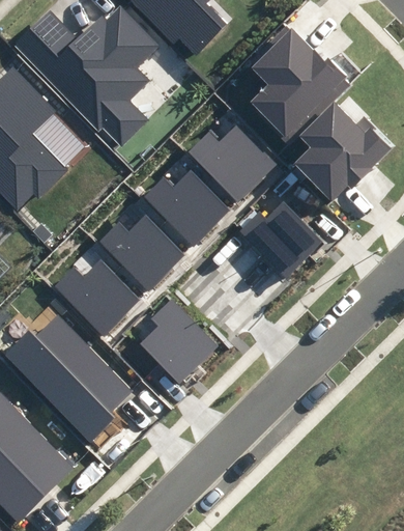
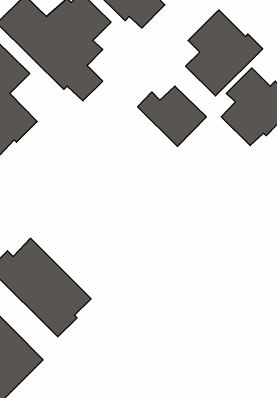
building: [144,169,231,245] -> none
building: [241,203,323,277] -> none
building: [97,215,184,290] -> none
building: [55,260,141,336] -> none
building: [142,301,218,383] -> none

